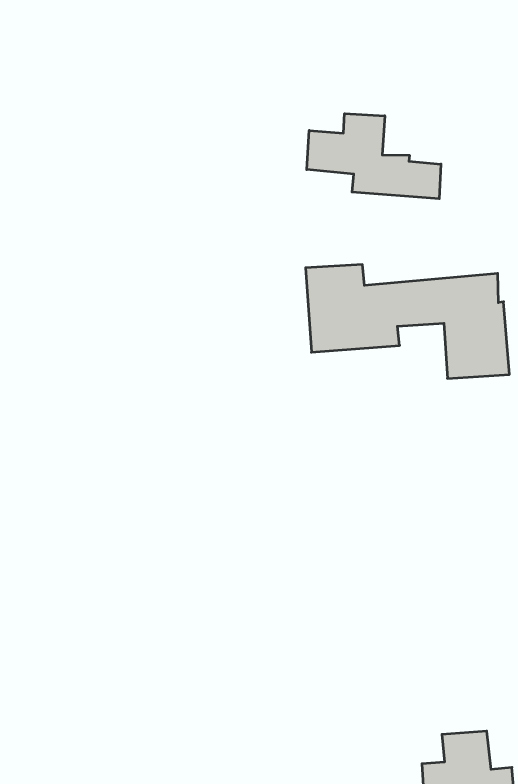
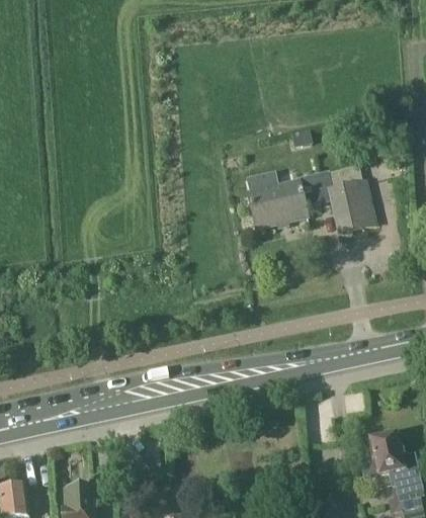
building: [307,114,441,199] -> none

